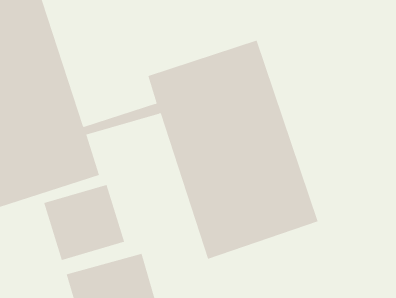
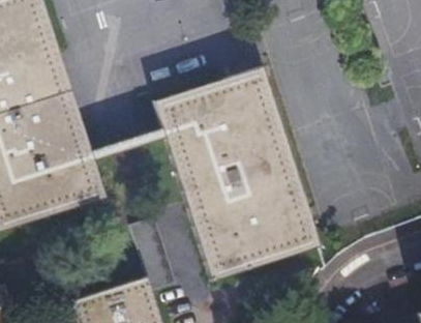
building: [44,184,125,261] -> none

